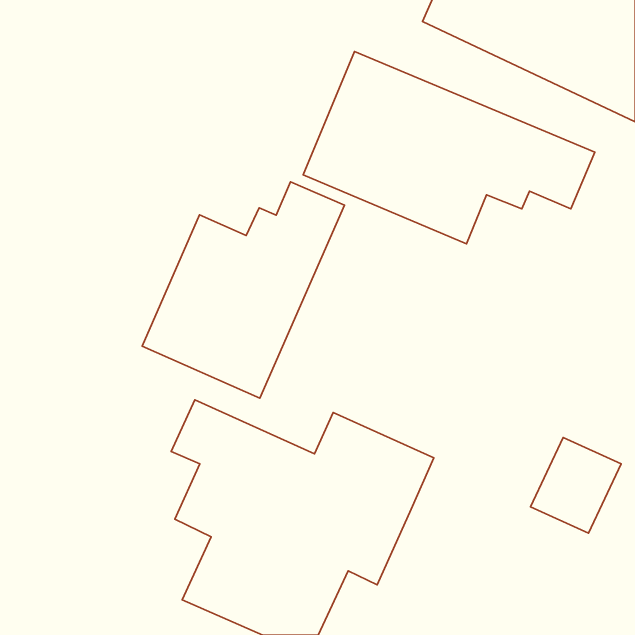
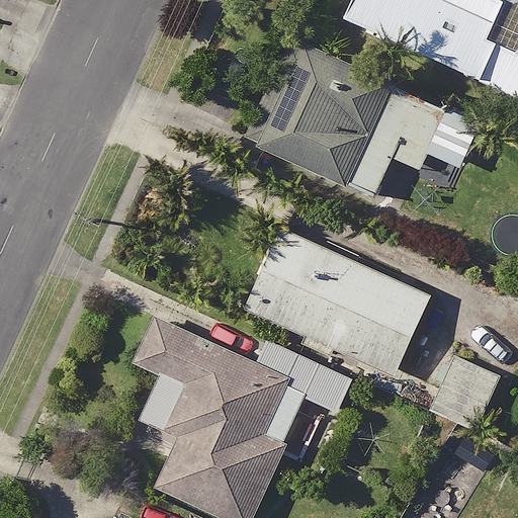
building: [142,182,345,398] -> none
building: none -> [244,229,430,374]

